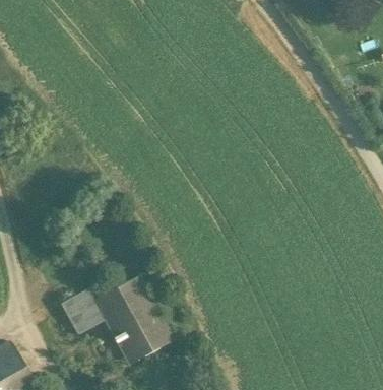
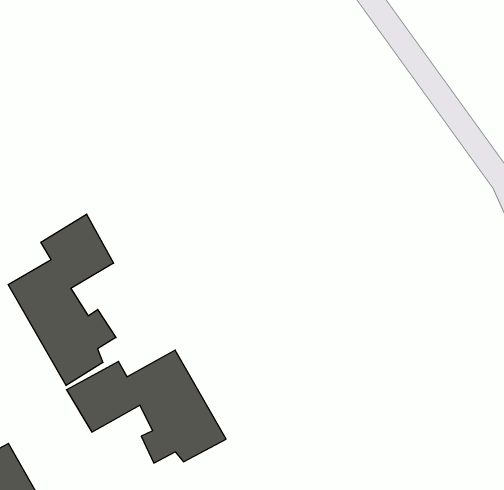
building: none -> [8,214,116,386]

